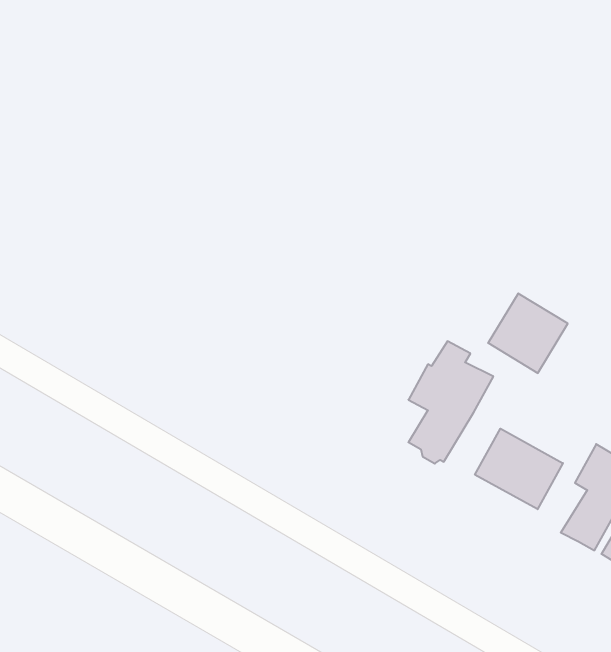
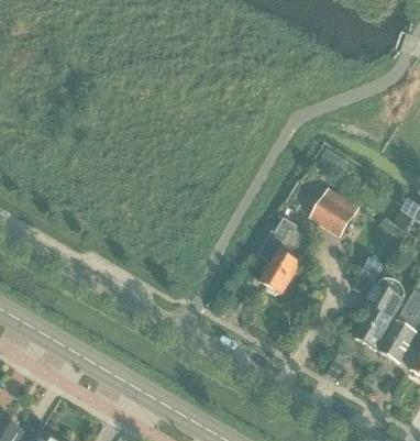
building: [475,429,563,509] -> none

